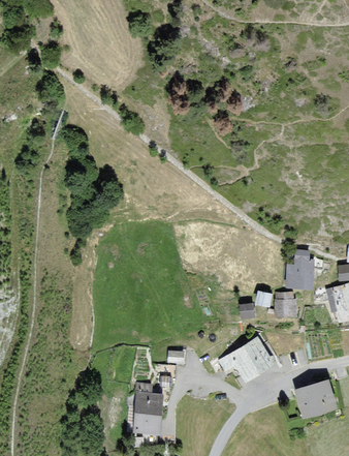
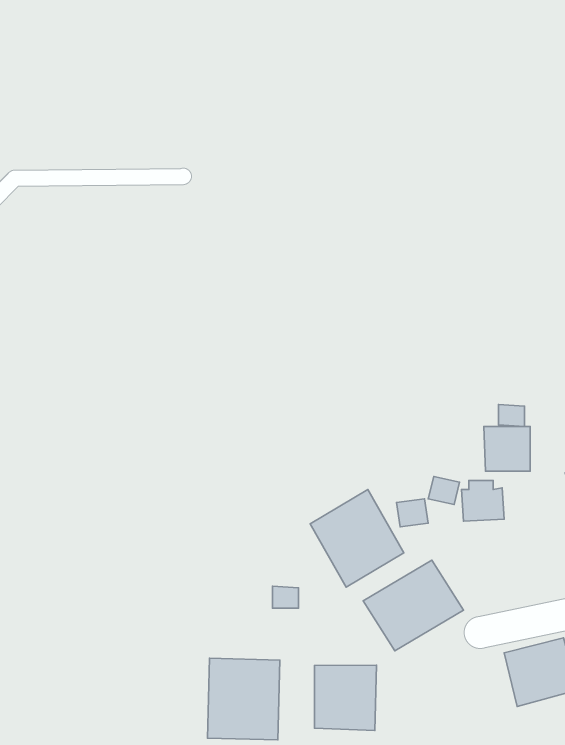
building: none -> [310,490,404,587]
building: none -> [315,665,376,730]

